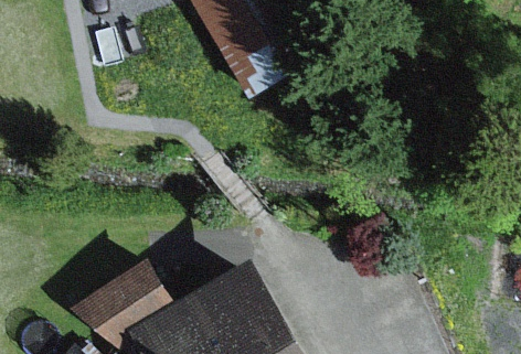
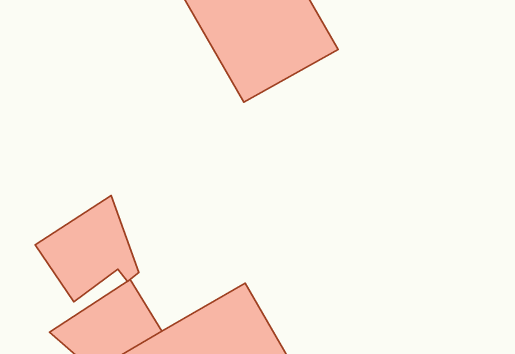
building: none -> [35,195,139,302]

